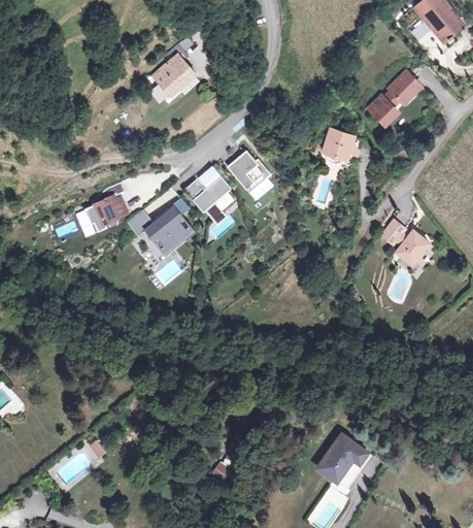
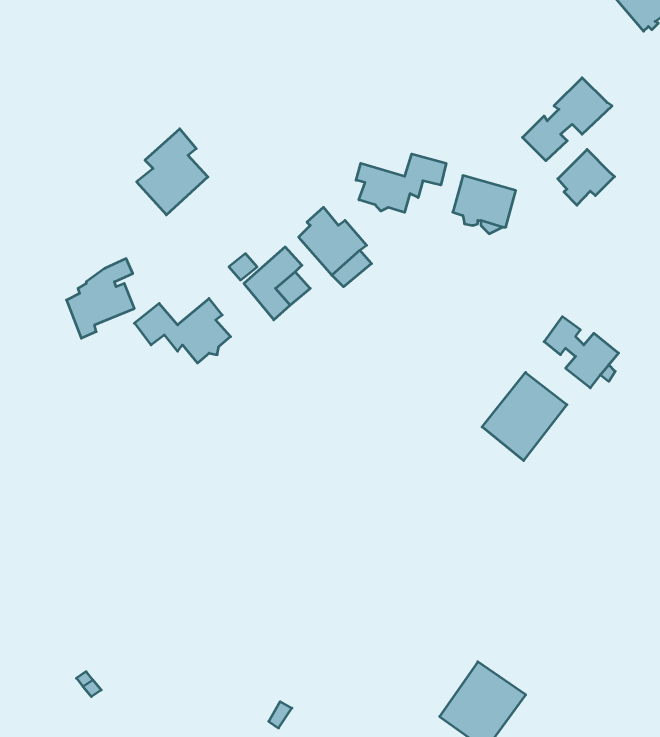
building: [150,43,195,97] -> [137,129,208,215]
building: none -> [558,149,615,205]
building: none -> [356,154,446,212]
building: none -> [482,372,567,461]

